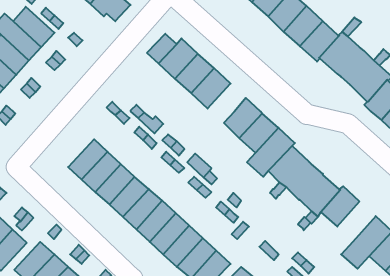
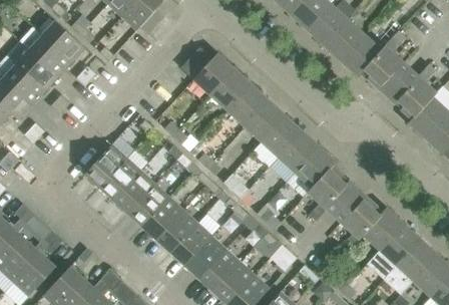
building: none -> [245,100,285,141]
building: none -> [84,144,126,188]
building: none -> [367,224,420,279]

